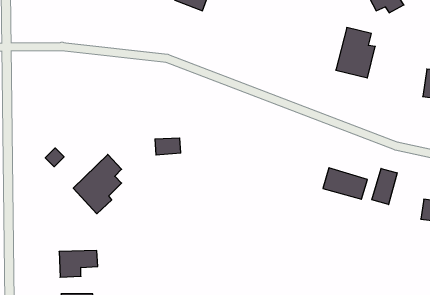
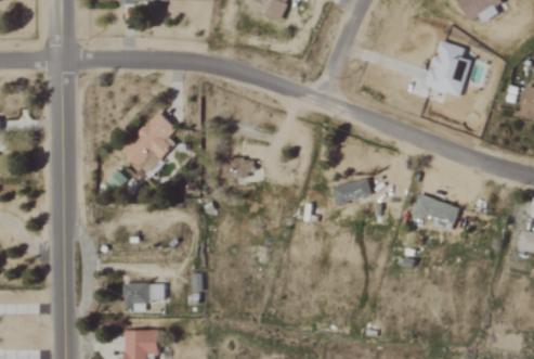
building: [73,154,122,214] -> [122,113,175,178]
building: none -> [334,180,372,203]
building: [372,168,397,205] -> none

